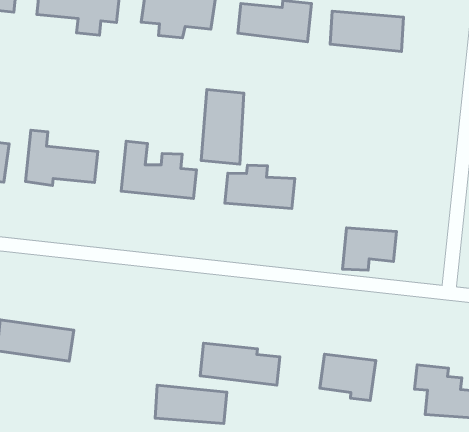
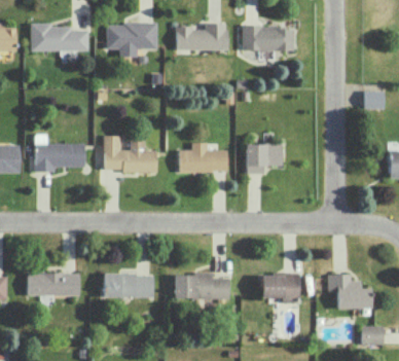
building: [201,90,244,164] -> none
building: [342,228,397,270] -> [246,144,282,175]
building: [155,385,227,424] -> [103,275,153,298]

